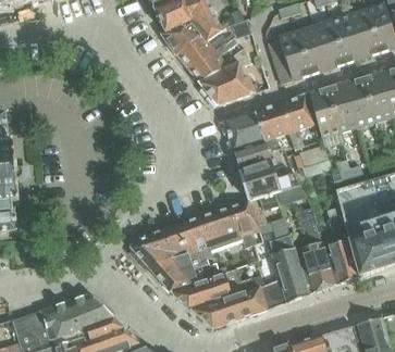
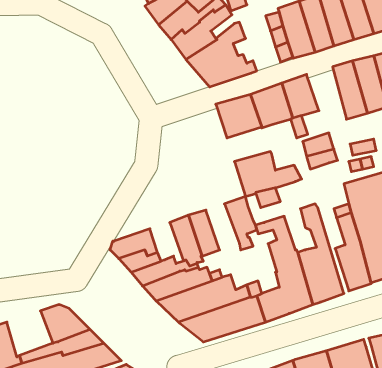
building: [307,87,337,137] -> none
building: [233,137,277,169] -> none
building: [214,206,244,247] -> none
building: [165,223,195,259] -> none
building: [40,300,81,340] -> none

